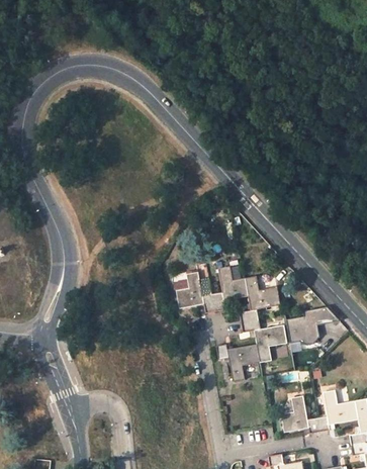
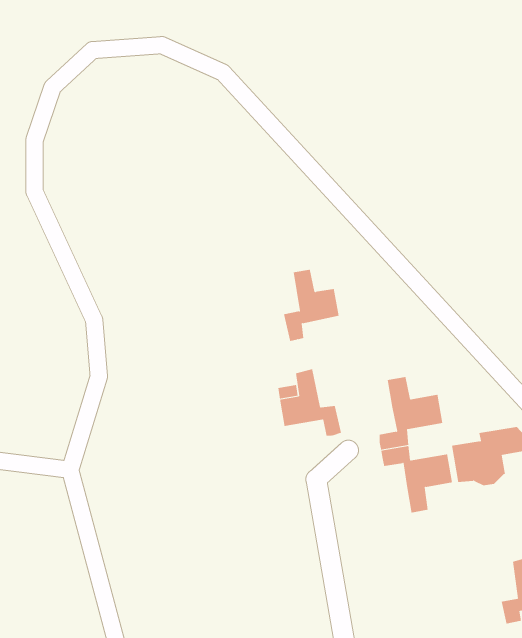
building: [212,266,248,311] -> [283,269,339,341]
building: [216,344,260,381] -> none
building: [281,395,319,433] -> none

